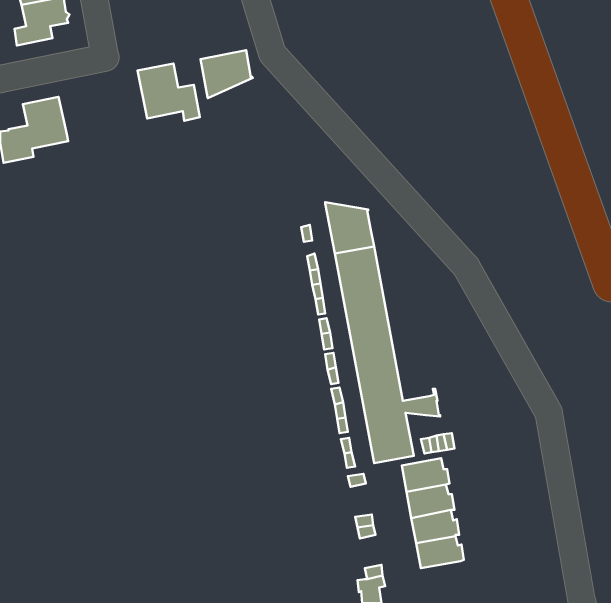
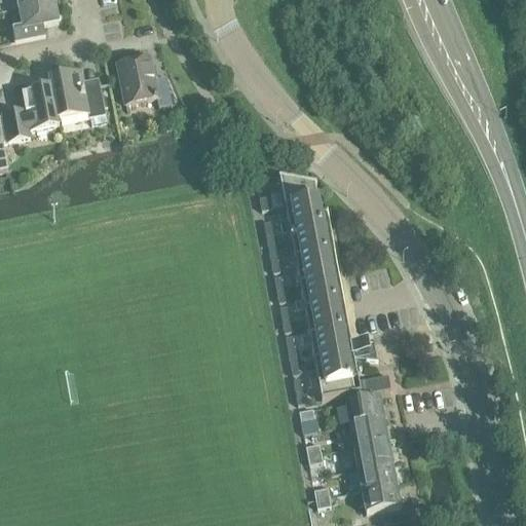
building: [200,50,253,98] -> none
building: none -> [48,68,106,115]
building: none -> [362,482,403,511]

